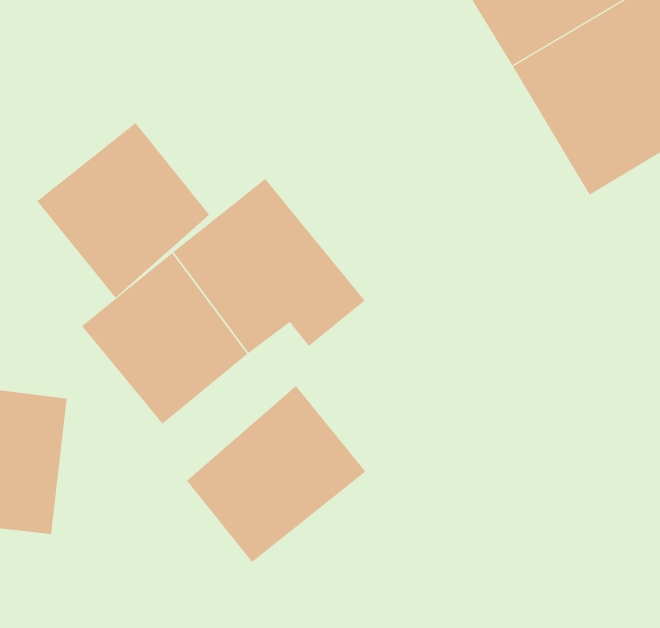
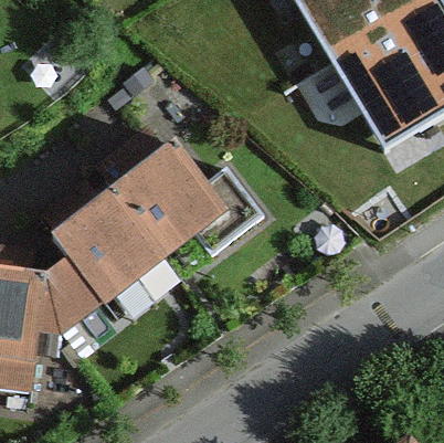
building: [36,122,210,298] -> none
building: [186,385,366,563] -> none

